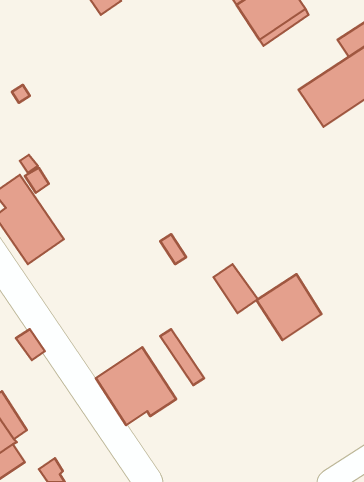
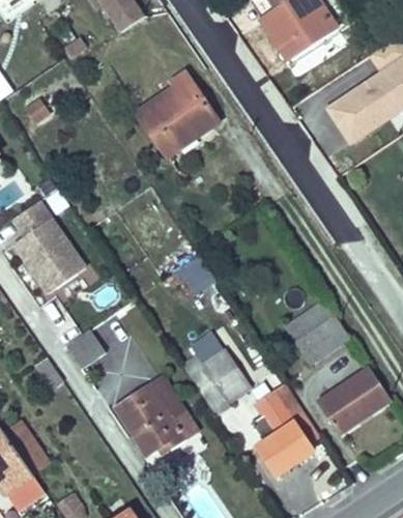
building: none -> [138,73,218,155]
building: [214,264,258,313] -> [204,350,250,401]
building: none -> [64,328,105,368]
building: none -> [319,367,390,431]
building: none -> [258,393,313,474]

